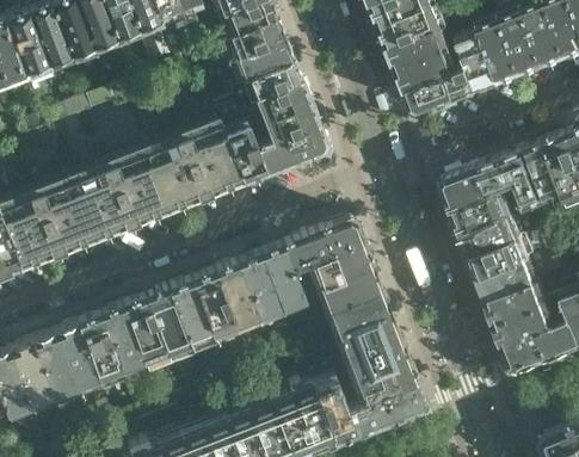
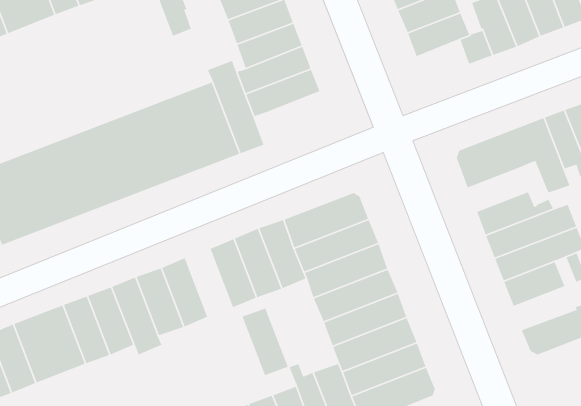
building: [406,79,455,117] -> none
building: [254,128,325,178] -> none
building: [454,199,511,240] -> none
building: [190,274,234,339] -> [242,307,289,376]
building: [497,310,555,351] -> none

